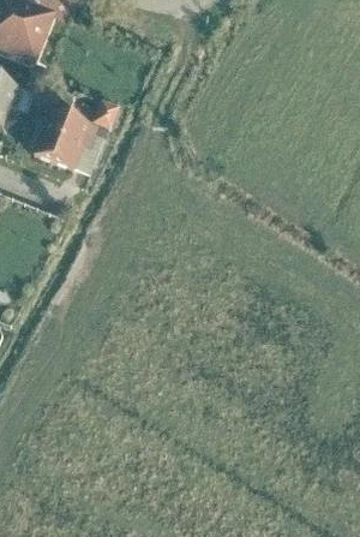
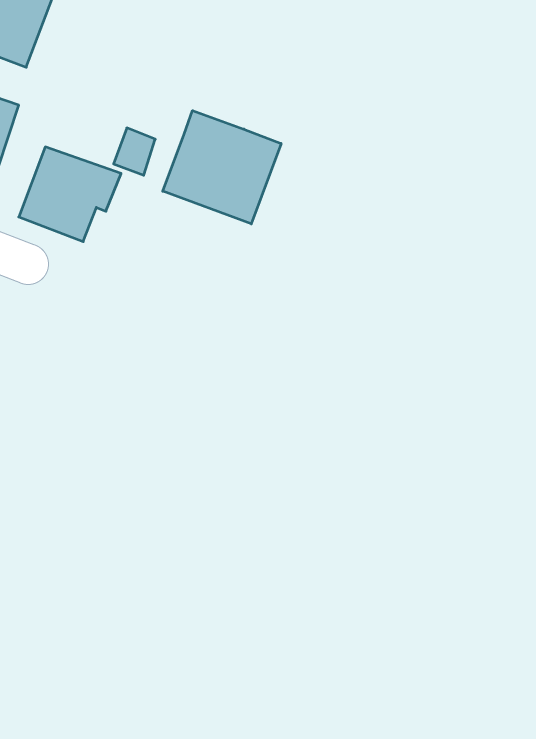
building: none -> [163,111,281,224]

